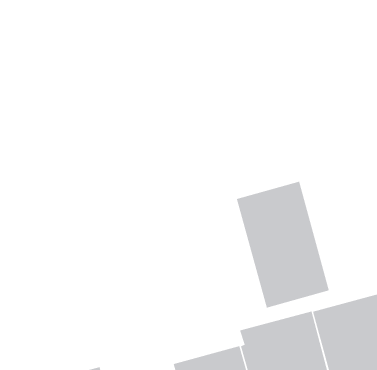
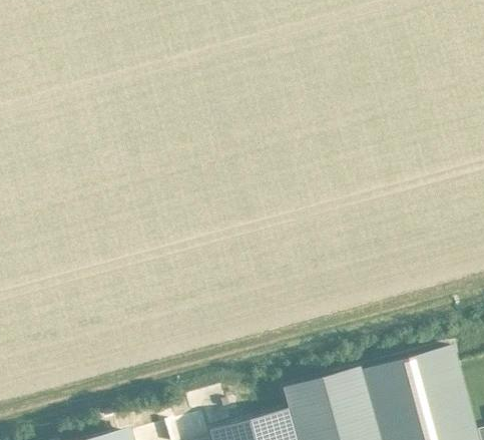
building: [236,181,330,308] -> none

